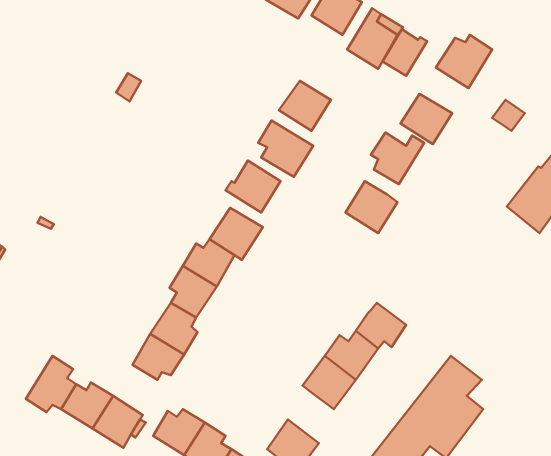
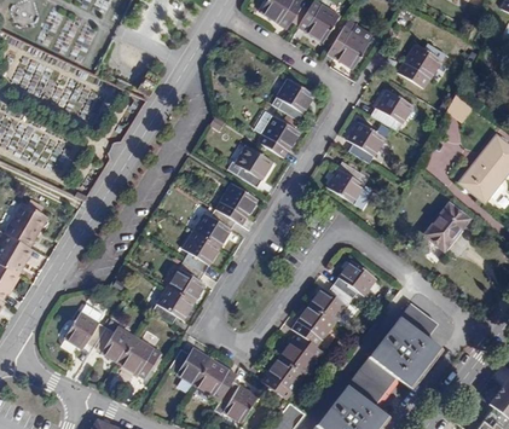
building: [383,29,427,76] -> none
building: none -> [423,203,468,250]
building: none -> [278,332,322,375]

